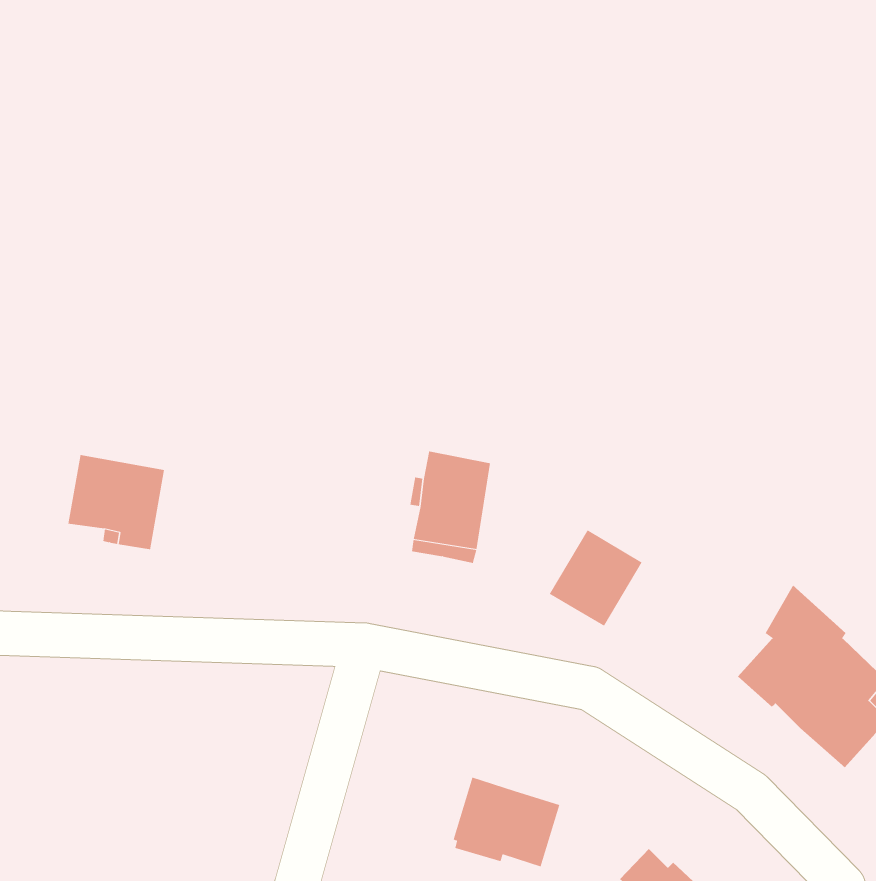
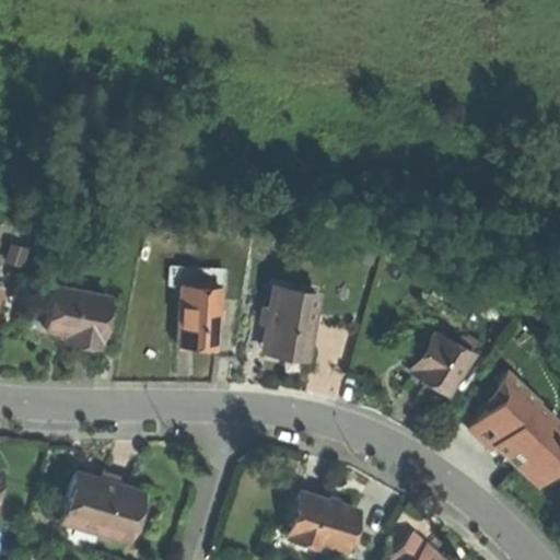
building: none -> [183,289,224,347]
building: [549,530,643,627] -> [413,334,472,395]
building: none -> [65,472,139,539]

